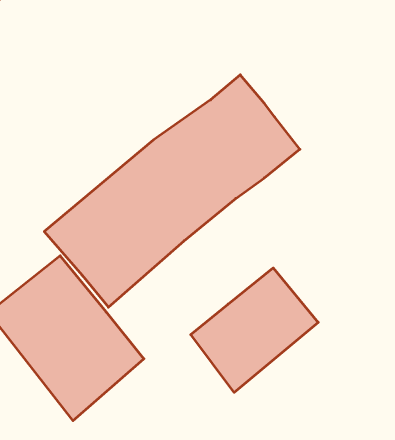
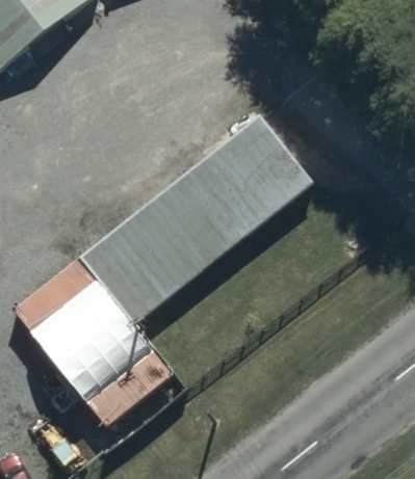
building: [191,268,318,392] -> none

